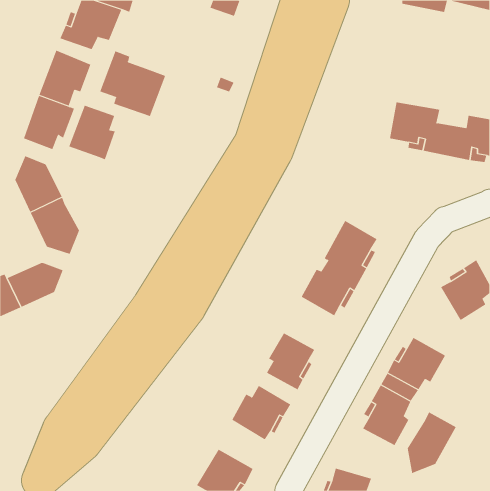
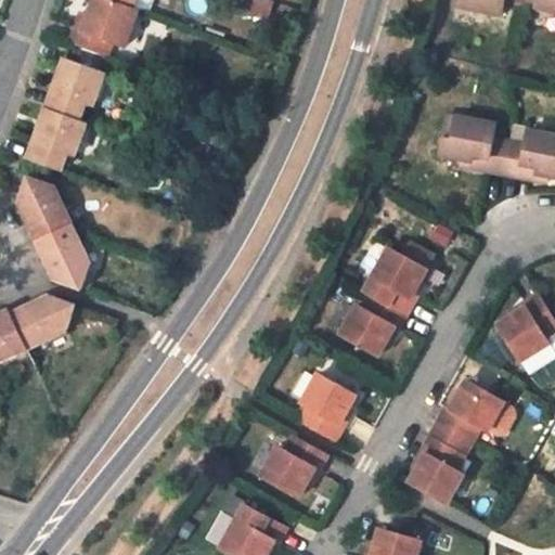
building: [99,51,166,117] -> none
building: [69,105,115,160] -> none
building: [407,411,456,474] -> none

